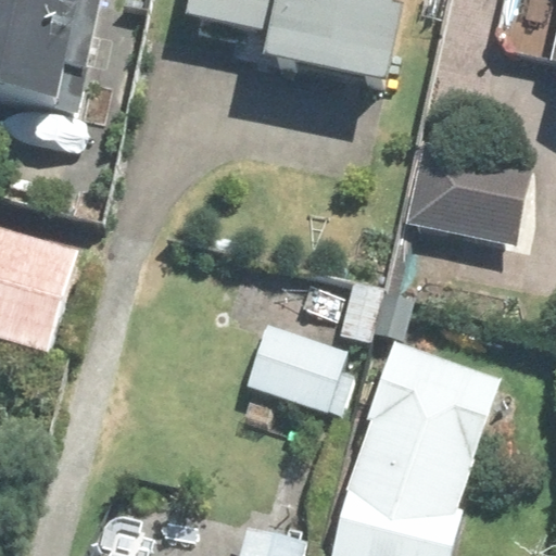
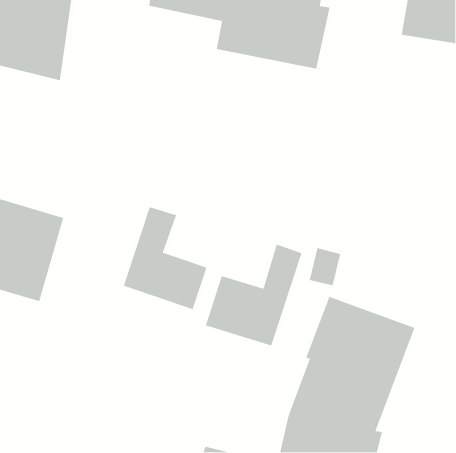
building: [404,138,516,236] -> none
building: none -> [123,206,207,310]

